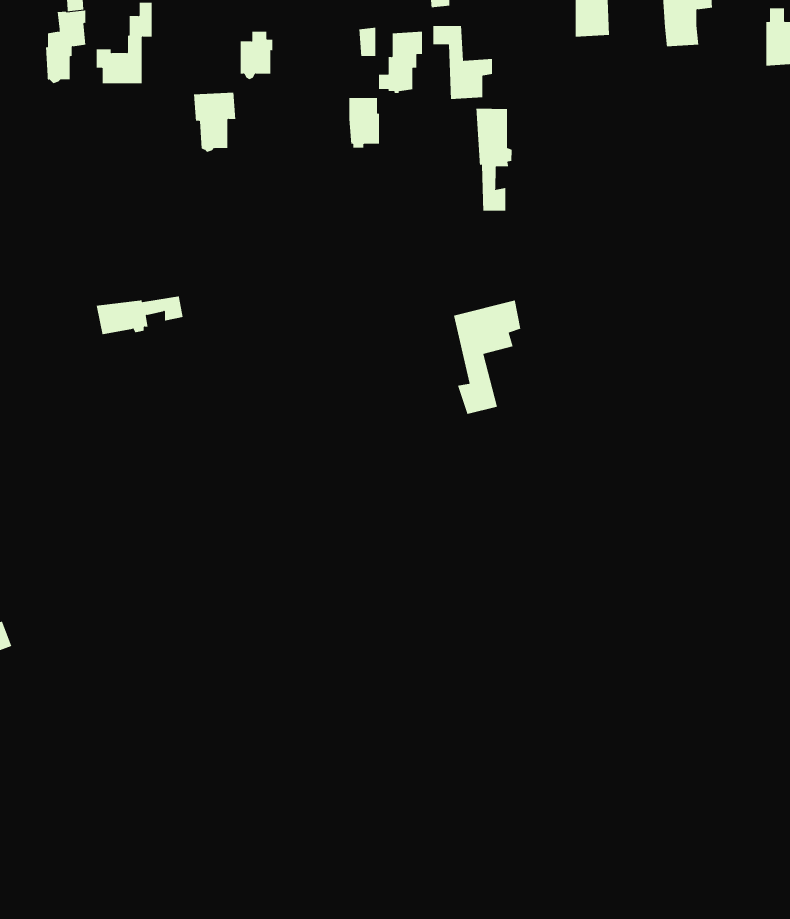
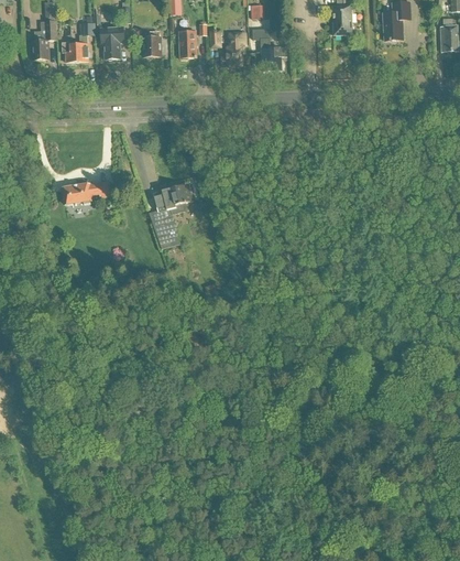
building: [193,92,236,152] -> [100,26,124,61]
building: [349,97,380,148] -> [178,31,196,60]
building: [476,108,512,212] -> none
building: [453,300,521,415] -> [154,183,193,248]

